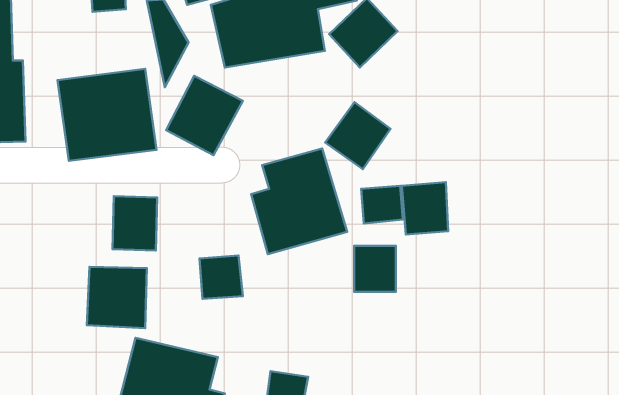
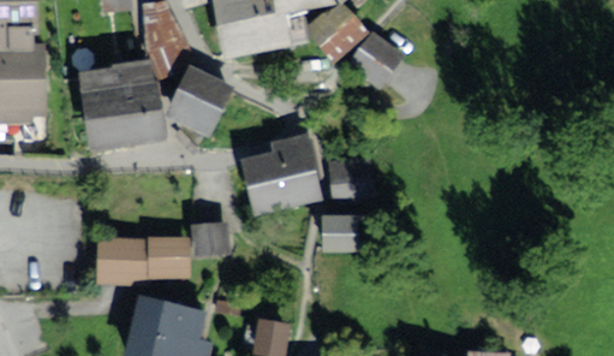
building: [325,102,391,169] -> [351,30,407,88]
building: [402,182,448,235] -> none
building: [113,196,157,251] -> [155,231,193,278]

